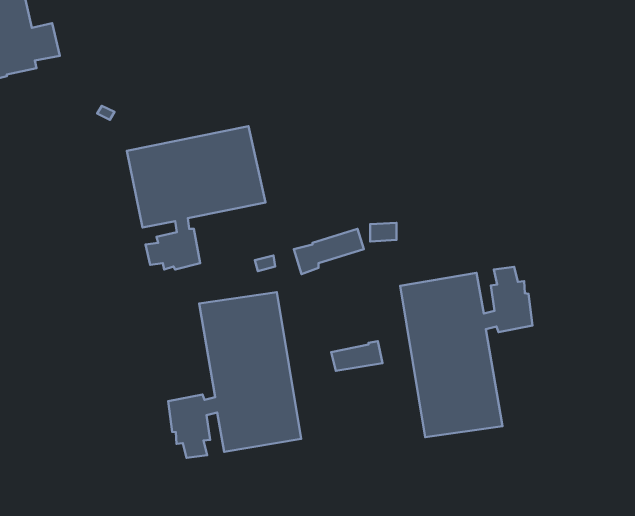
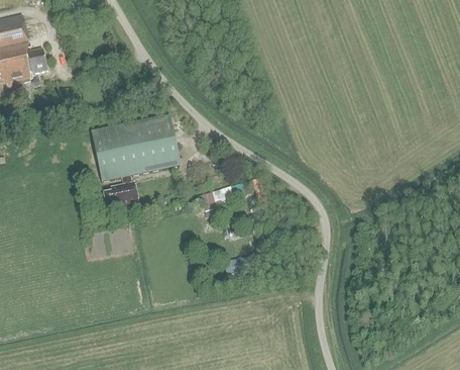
building: [400,267,533,437] -> none
building: [168,292,301,458] -> none

